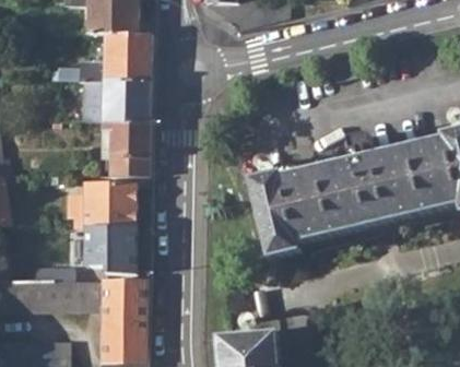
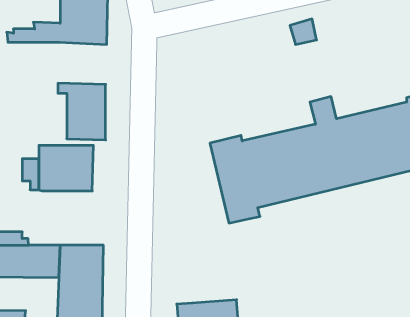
building: [83,79,151,120] -> none
building: [86,225,137,272] -> none

